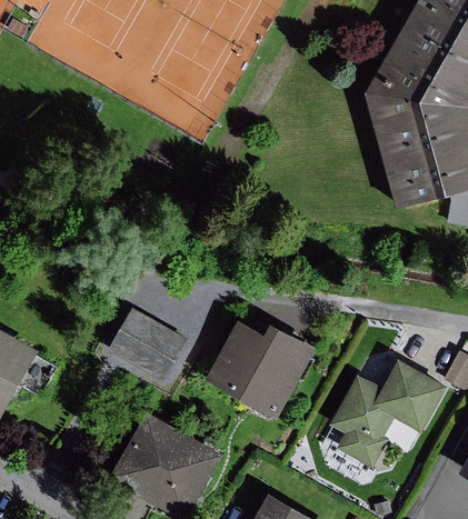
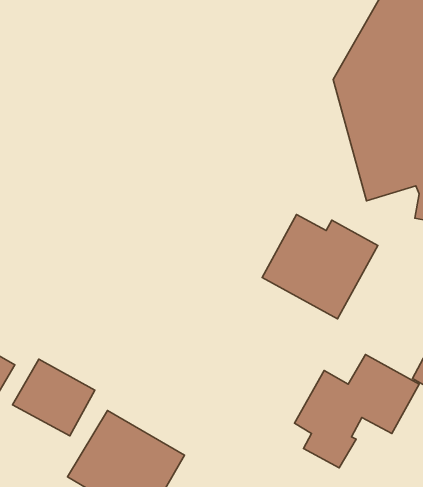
building: [107,310,187,385] -> [12,359,95,436]
building: [205,319,317,420] -> [262,214,378,319]

